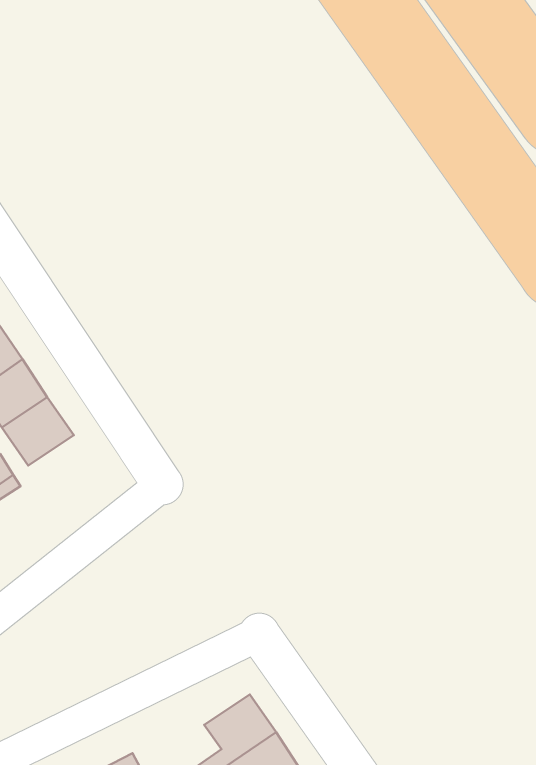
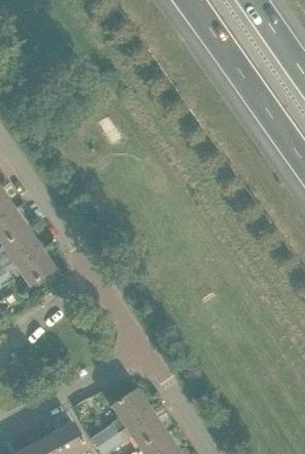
building: none -> [16,249,54,286]

